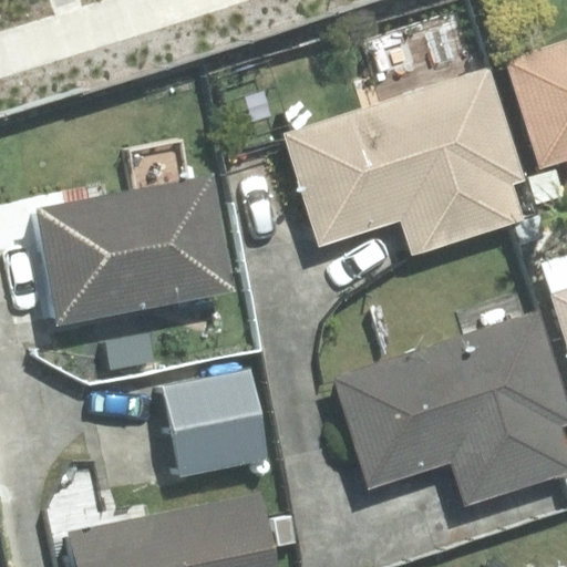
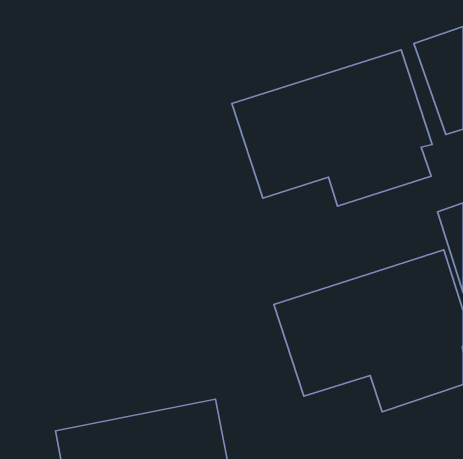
building: [38,173,237,324] -> none
building: [163,371,270,478] -> none

